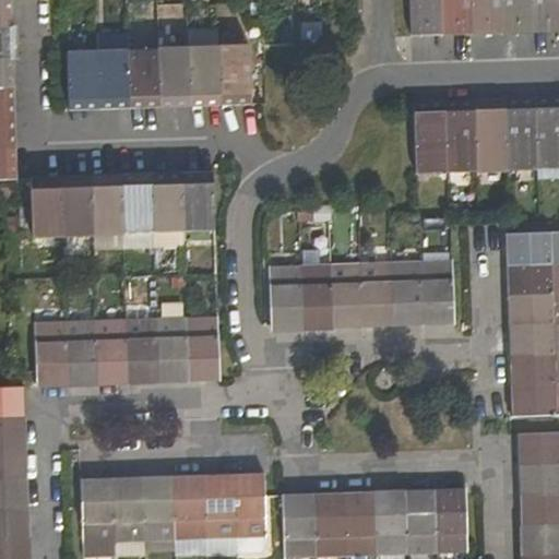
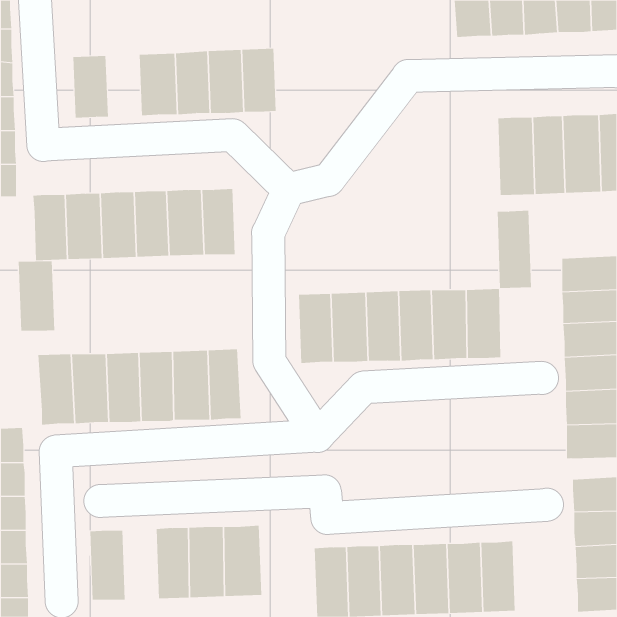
building: [96,49,128,106] -> none
building: [420,107,452,178] -> [497,210,532,289]
building: none -> [18,260,55,332]
building: [235,474,264,538] -> none
building: [111,478,143,543] -> none

